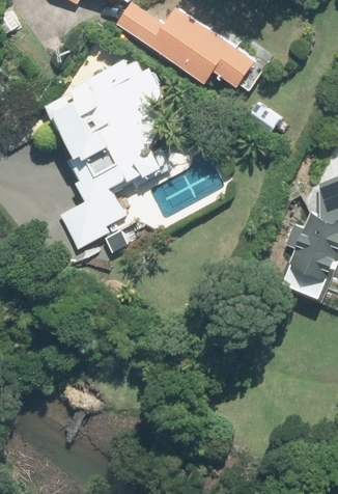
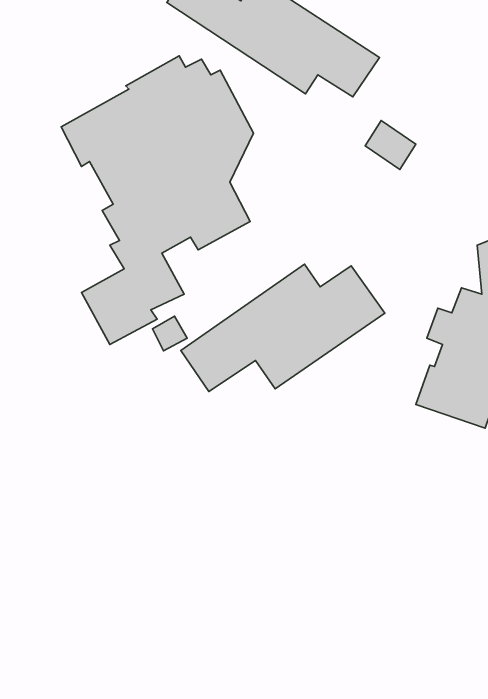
building: none -> [181,264,385,392]

